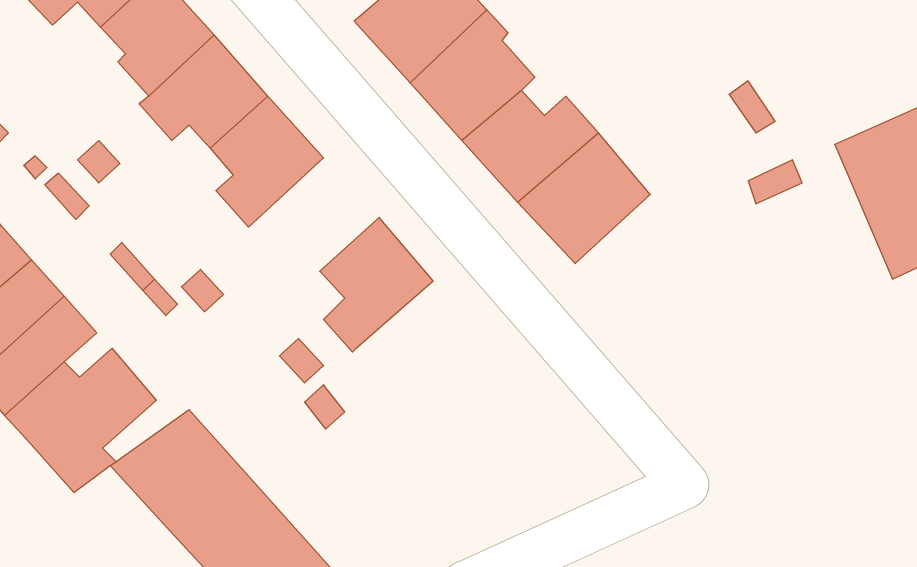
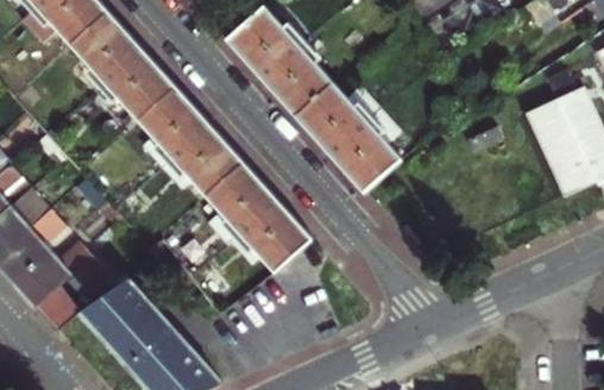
building: none -> [162,122,243,193]
building: none -> [228,199,310,269]

